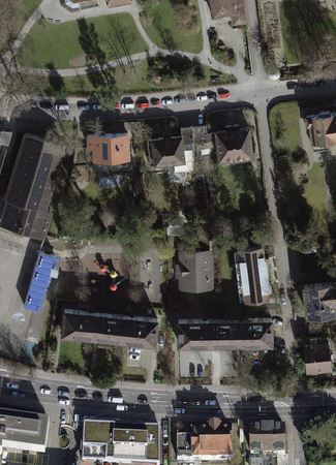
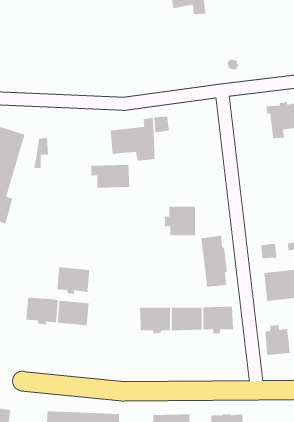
building: [216,124,252,159] -> none
building: [88,133,128,158] -> [90,164,130,189]
building: [178,254,210,285] -> [164,206,196,236]
building: [125,315,159,344] -> [57,266,90,295]

